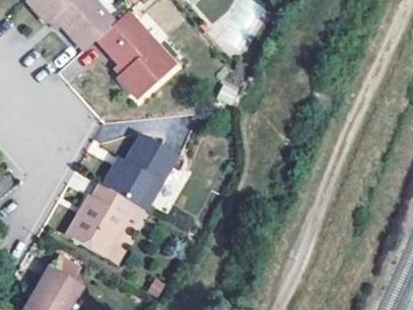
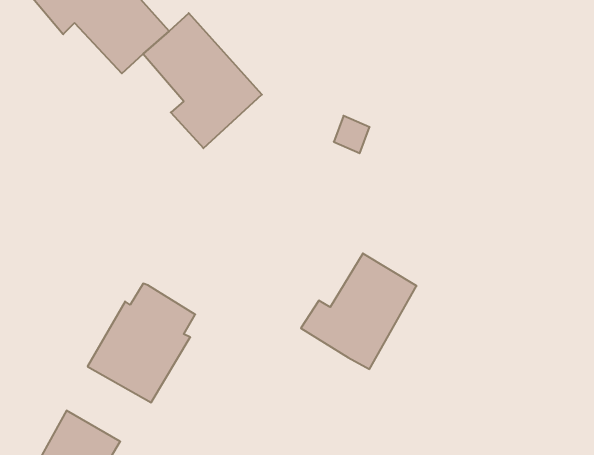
building: [100,136,173,208] -> [301,253,417,369]

